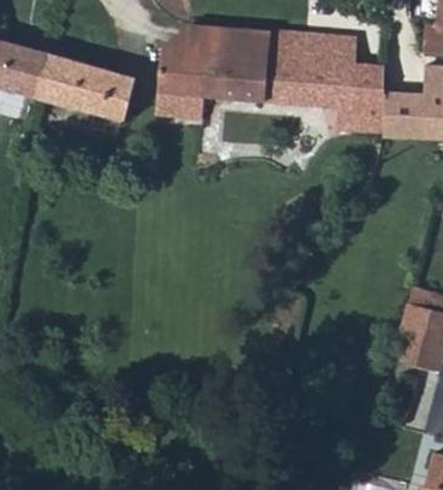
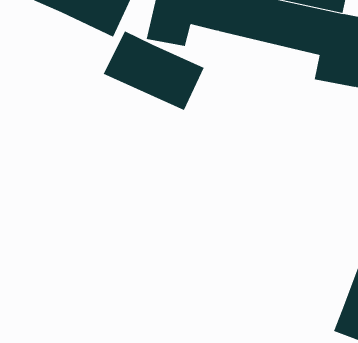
building: none -> [103,30,205,111]

